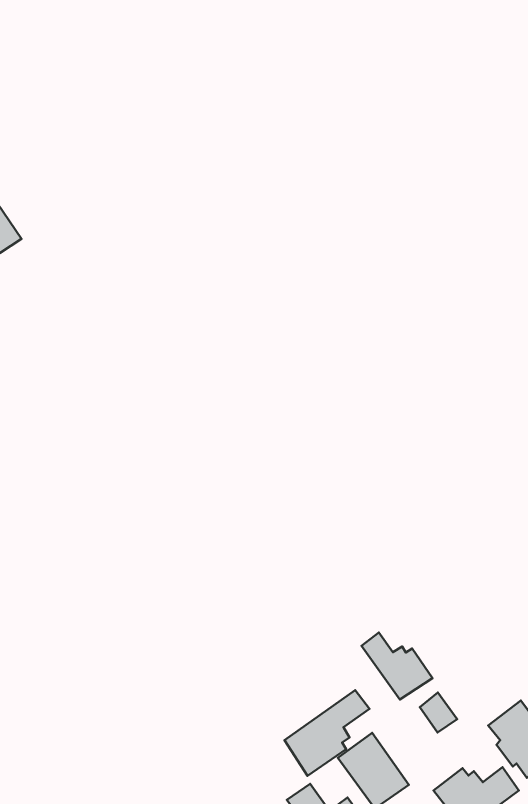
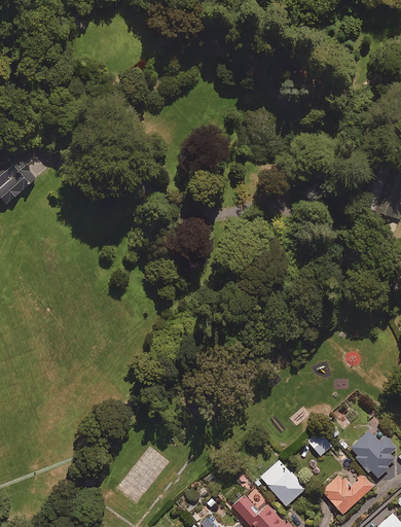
building: [362,632,432,699] -> none
building: [284,690,370,776] -> none

